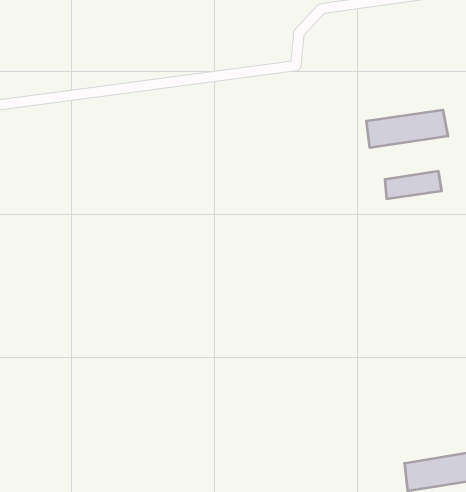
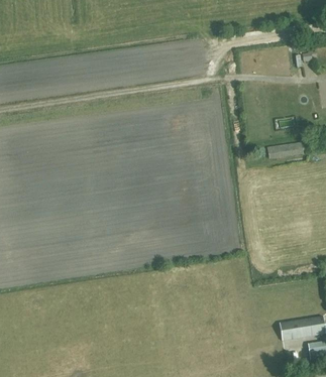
building: [366,110,448,148] -> none

